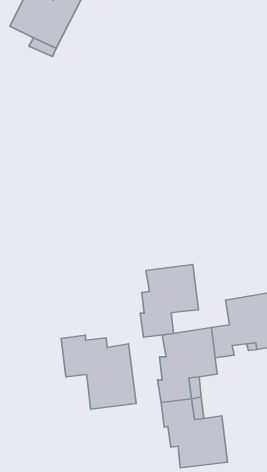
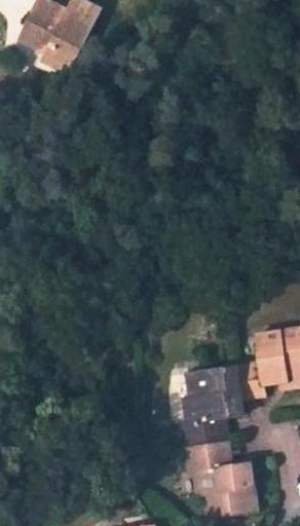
building: [140,264,198,337] -> none
building: [61,335,136,409] -> none

